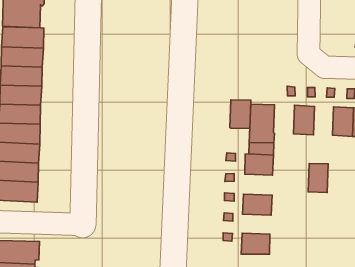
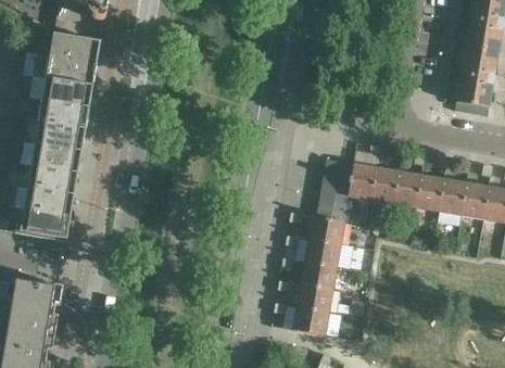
building: [230,100,251,129] -> [348,163,376,199]
building: [308,163,328,192] -> [393,170,420,206]
building: none -> [304,238,340,266]
building: none -> [296,283,332,310]

